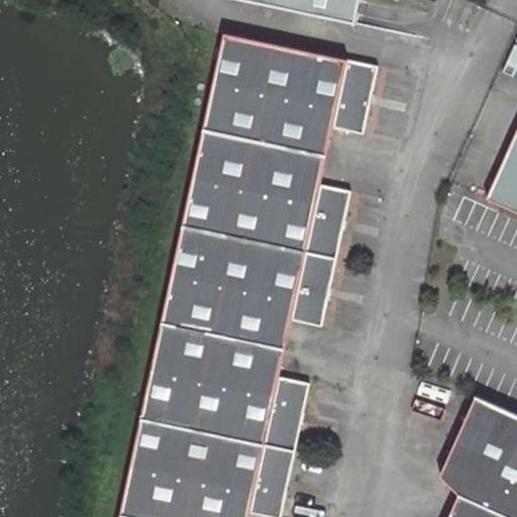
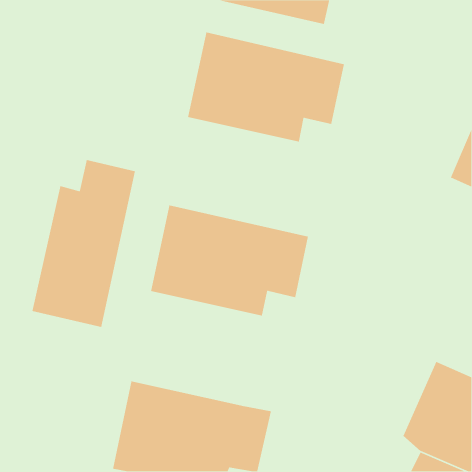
building: [184,128,350,257] -> none
building: none -> [32,159,136,328]
building: [142,318,310,448] -> none

